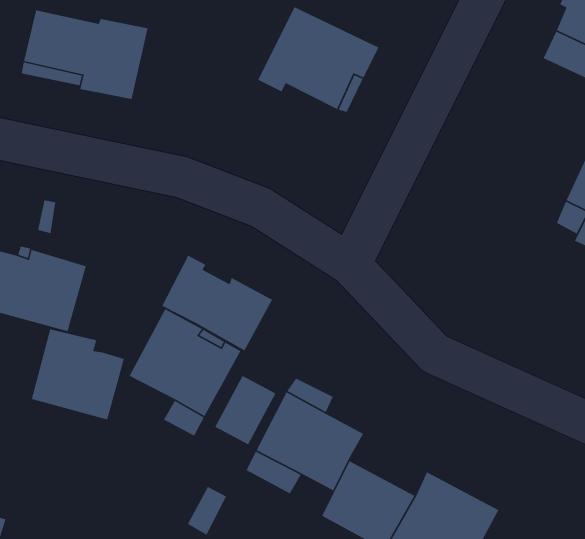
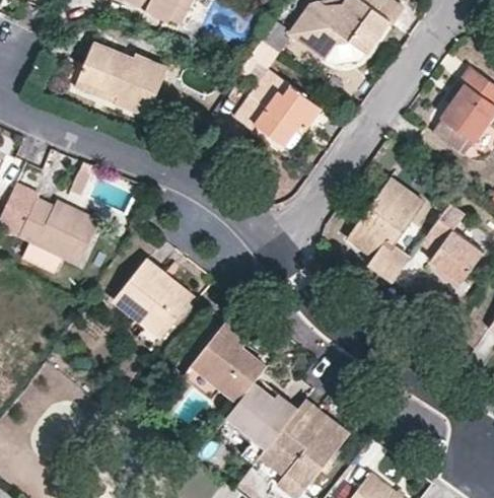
building: none -> [347,177,424,282]
building: [161,255,273,351] -> none
building: [31,329,125,420] -> none
building: [214,375,277,445] -> none

